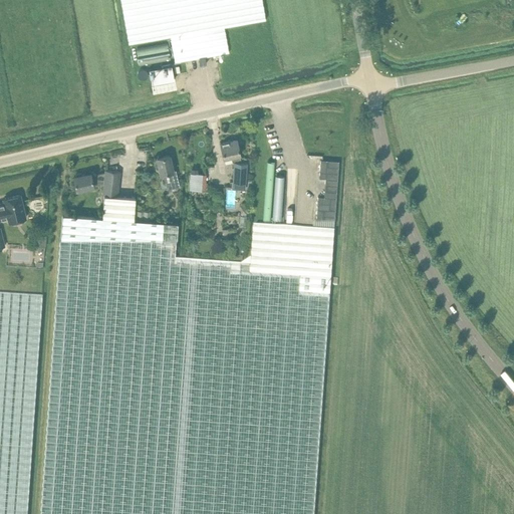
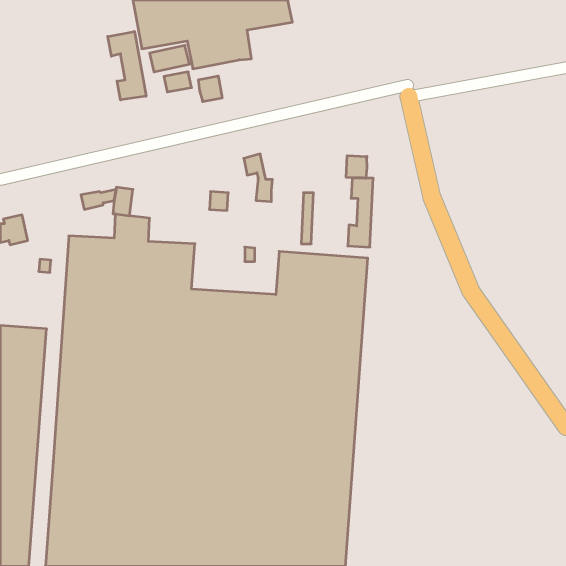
building: none -> [108,31,146,100]
building: none -> [199,76,222,102]
building: none -> [346,156,367,178]
building: [157,156,179,189] -> none

